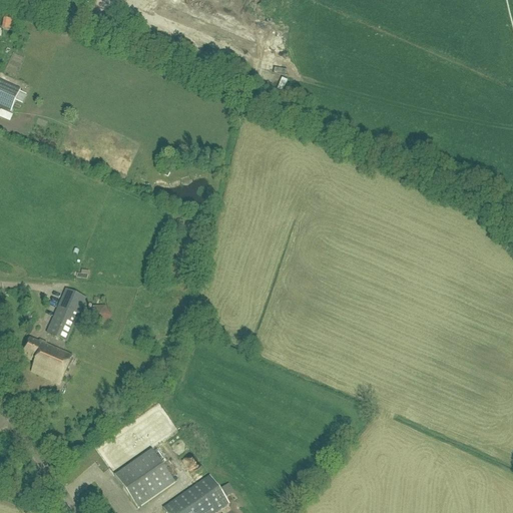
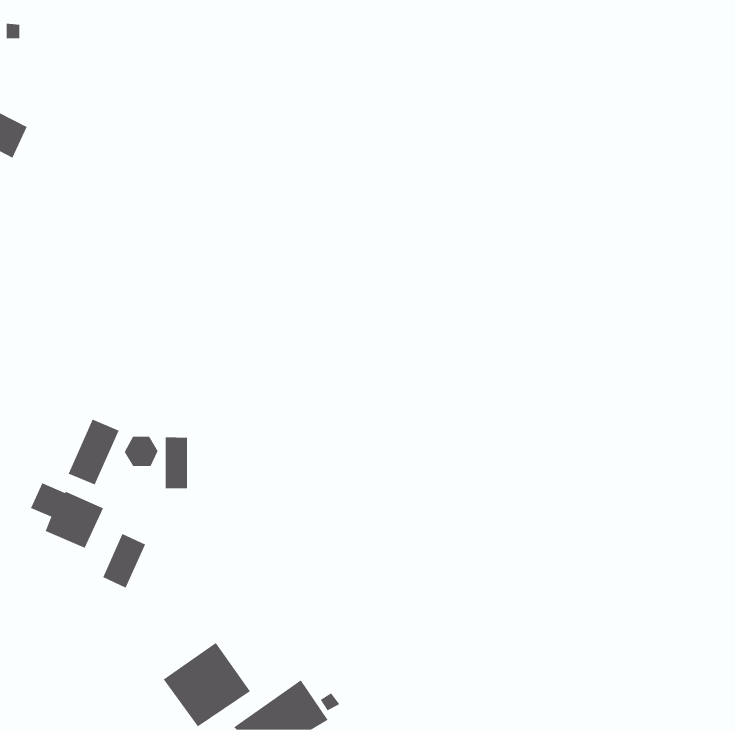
building: none -> [165,436,187,489]
building: none -> [102,533,146,588]

